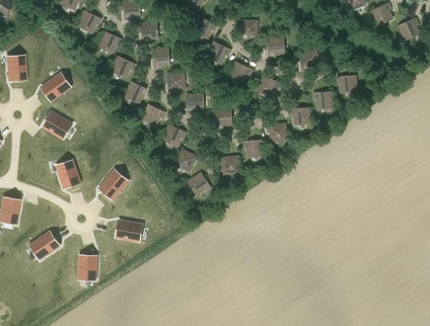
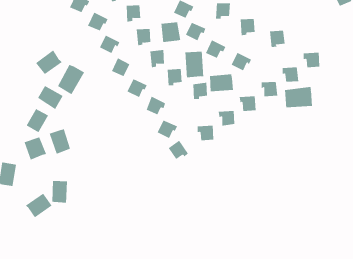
building: none -> [161,21,181,43]
building: [7,55,26,80] -> none
building: none -> [185,51,204,78]
building: none -> [57,64,85,95]
building: none -> [210,74,234,92]
building: none -> [285,86,313,108]
building: none -> [26,108,49,133]
building: none -> [24,136,47,160]
building: [99,169,128,198] -> none
building: [116,220,143,241] -> none
building: [78,254,96,279] -> [51,180,68,203]

